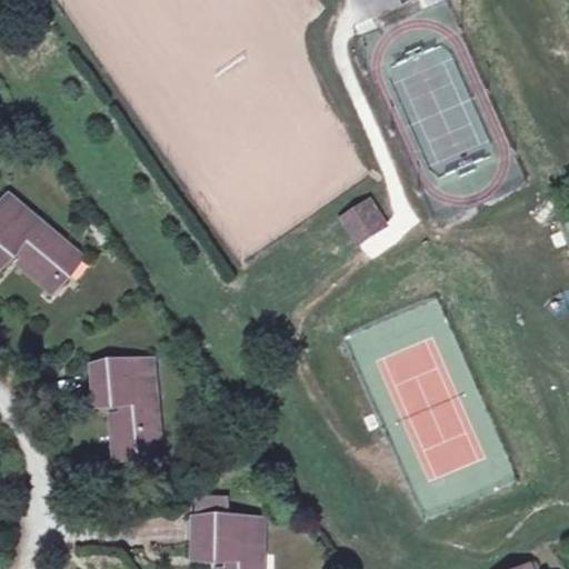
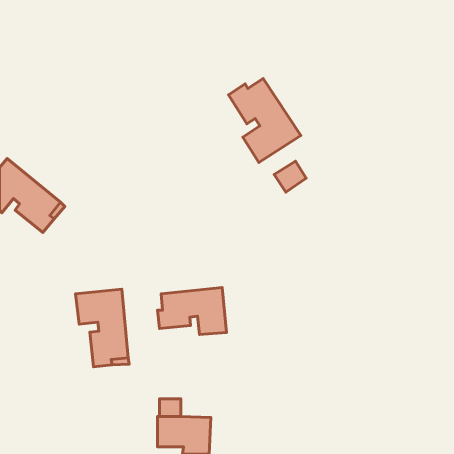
building: none -> [228,79,301,163]
building: none -> [158,288,227,334]

